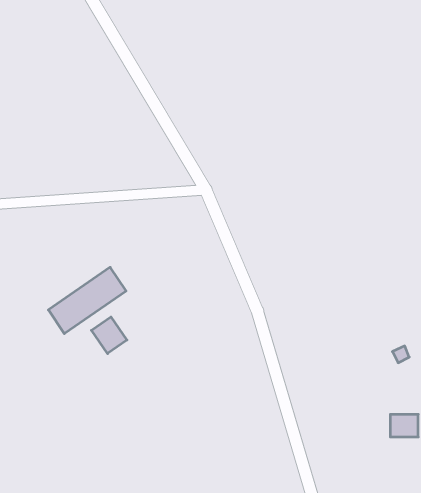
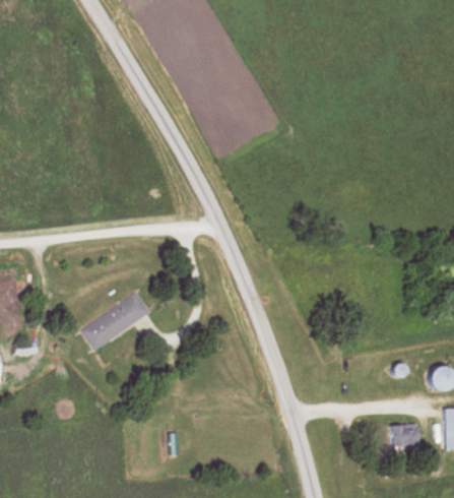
building: [91,317,127,354] -> none

